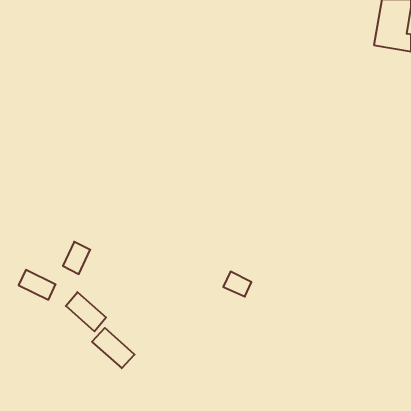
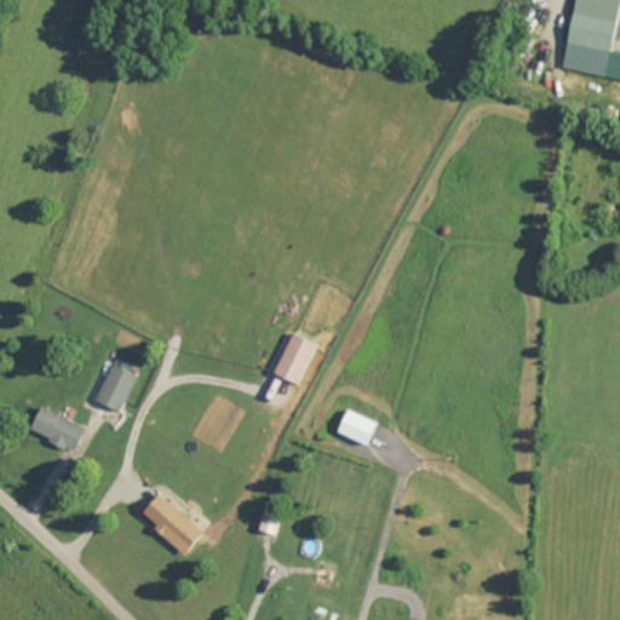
building: none -> [275,333,315,384]
building: [66,292,106,331] -> none

